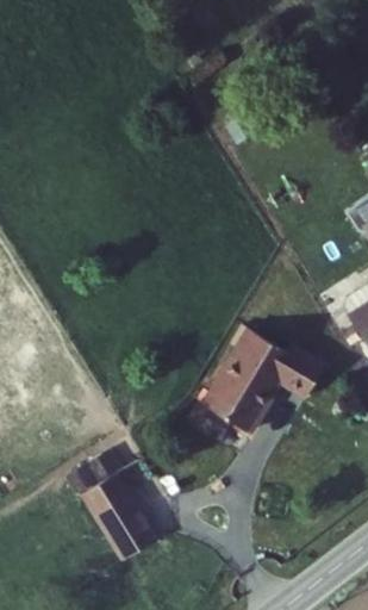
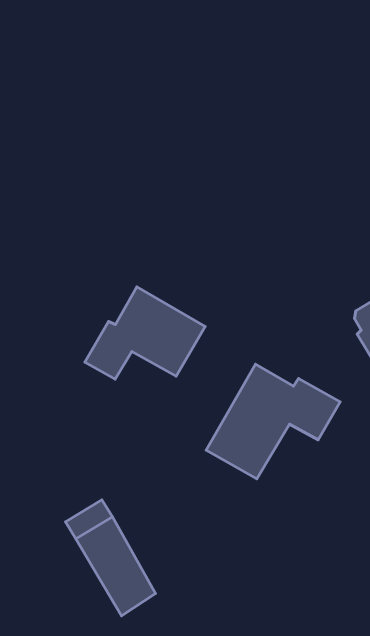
building: none -> [85,287,205,379]

